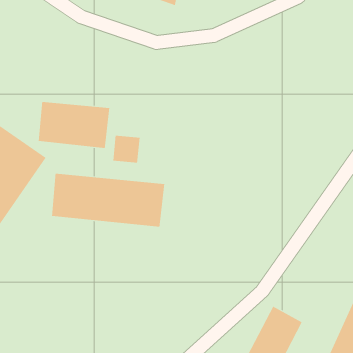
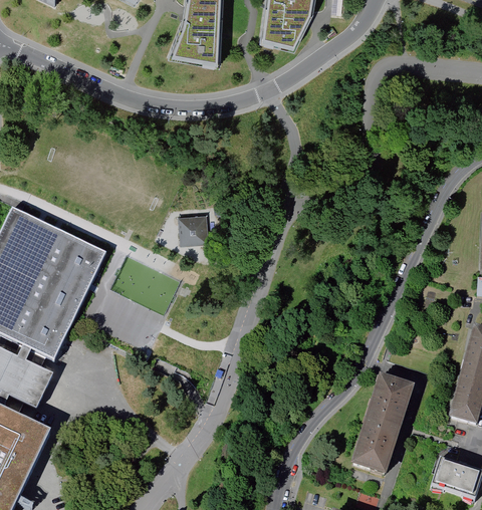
building: [38,101,110,149] -> none
building: [52,173,165,228] -> none

